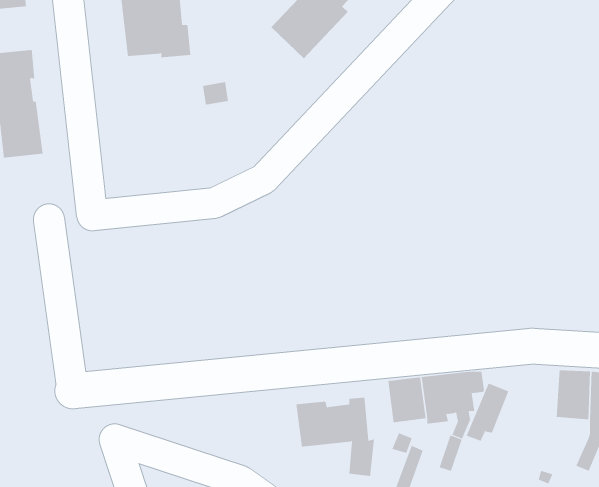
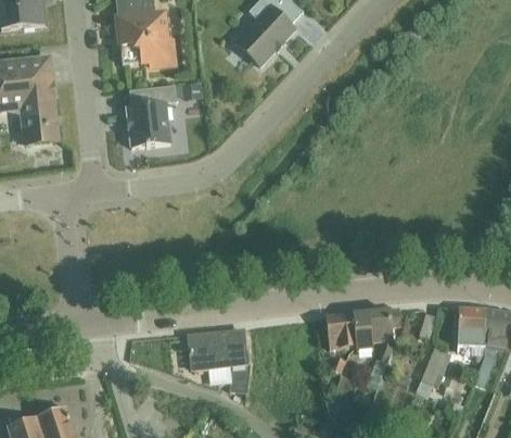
building: none -> [127,85,177,147]
building: [466,383,509,441] -> [417,349,450,395]
building: [296,397,375,476] -> [189,329,251,391]

